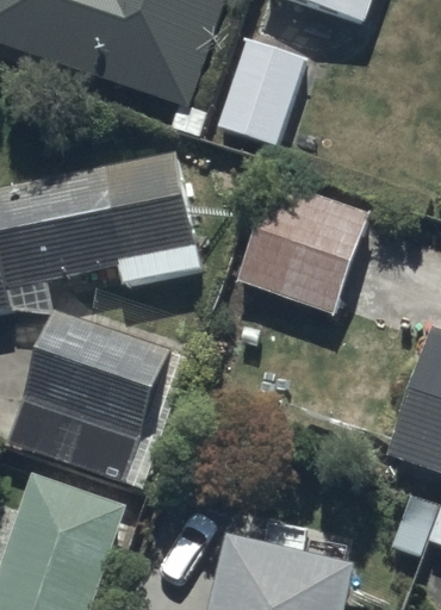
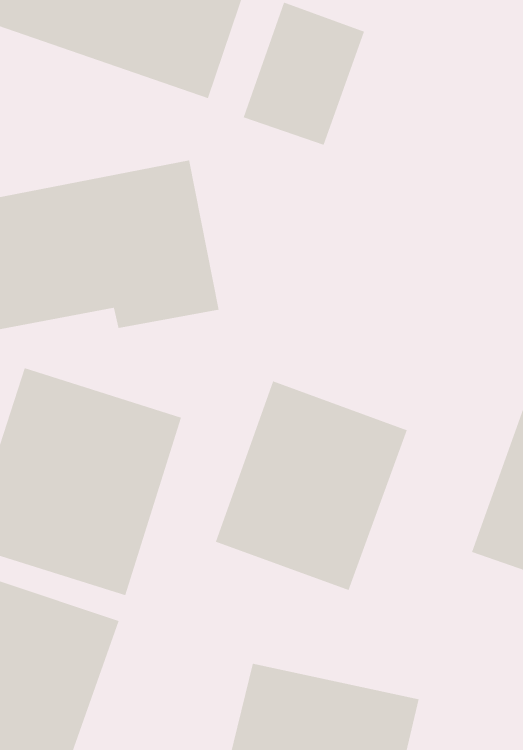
building: [241,176,372,311] -> none
building: none -> [215,380,407,591]

